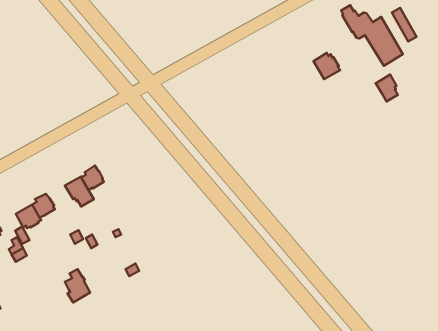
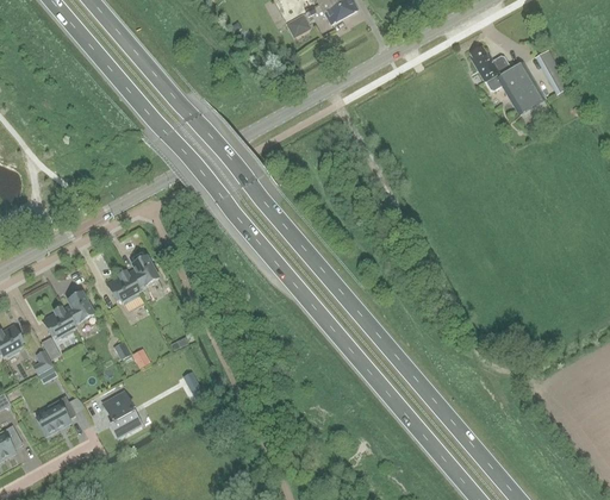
building: [314,53,340,79] -> none
building: [376,75,398,101] -> none
building: none -> [36,395,75,433]

